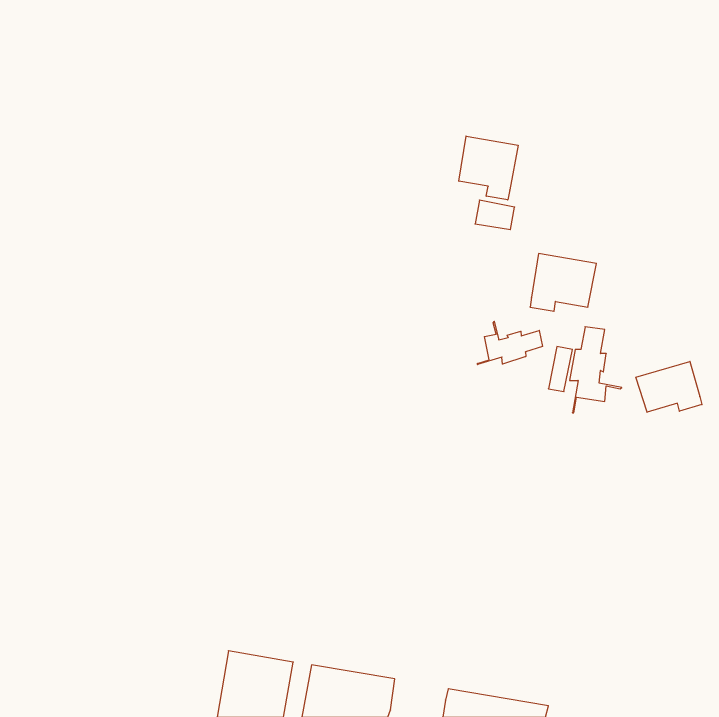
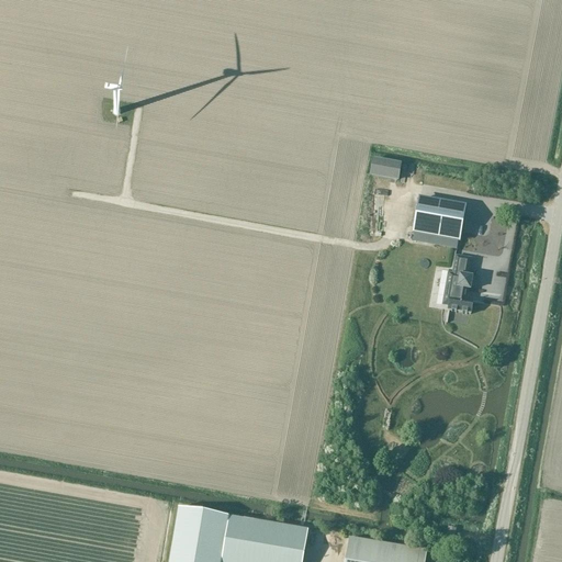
building: [459,136,518,200] -> none
building: [477,321,542,365] -> none
building: [636,361,702,412] -> none

